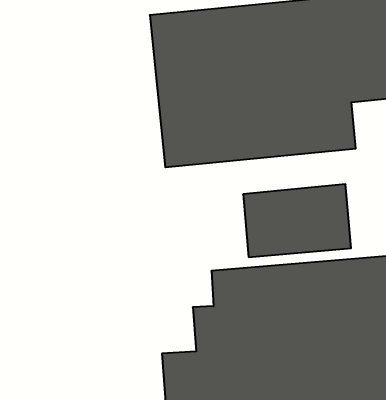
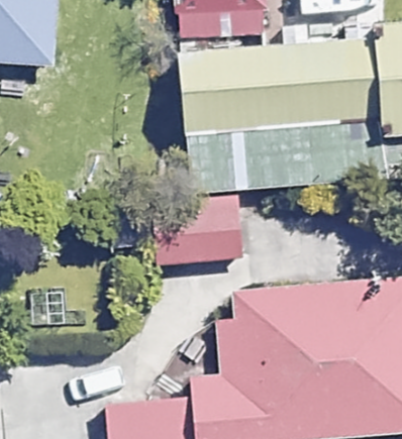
building: [243,184,351,257] -> [145,203,244,269]

